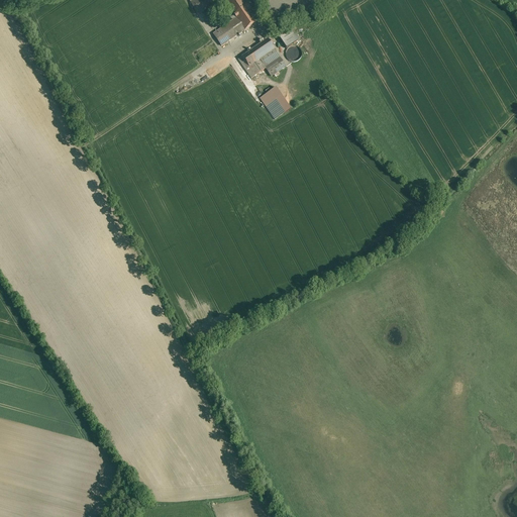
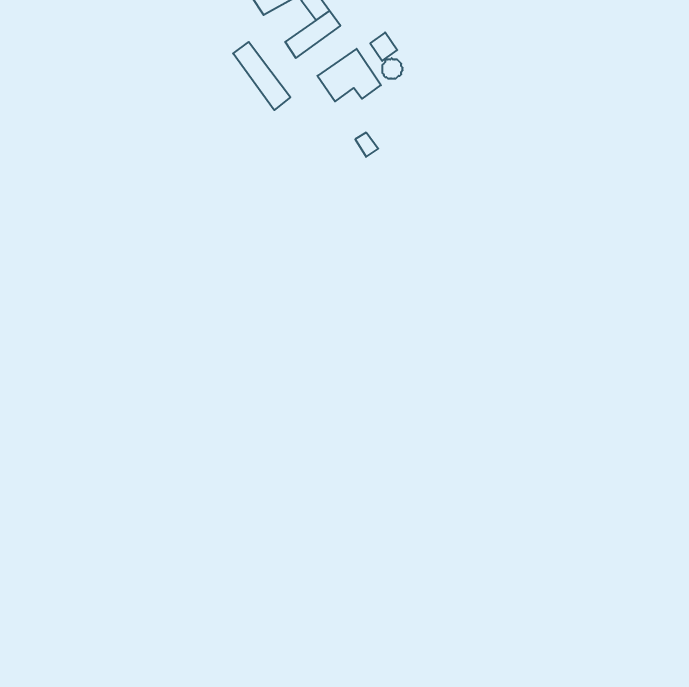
building: none -> [233,42,290,110]

